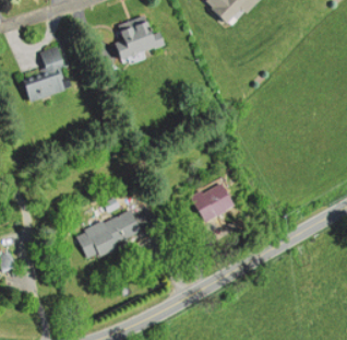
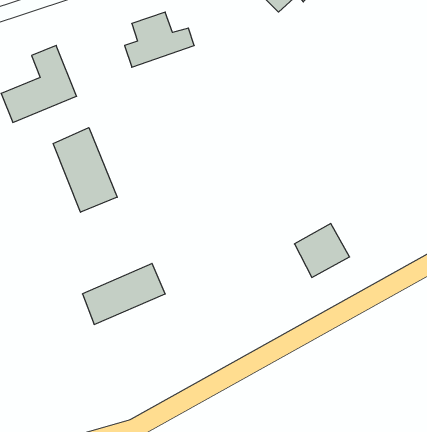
building: none -> [53,128,117,212]
building: [191,181,232,222] -> [294,224,350,277]

